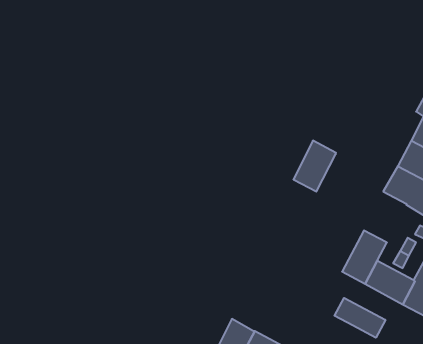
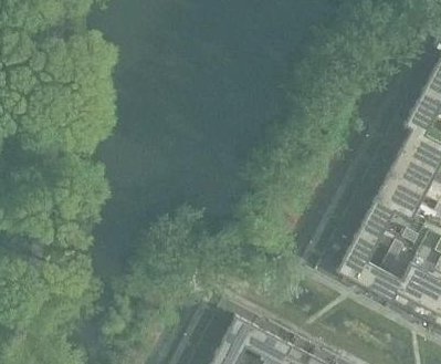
building: [293,141,336,192] -> [368,204,407,250]
building: [334,298,385,338] -> none

